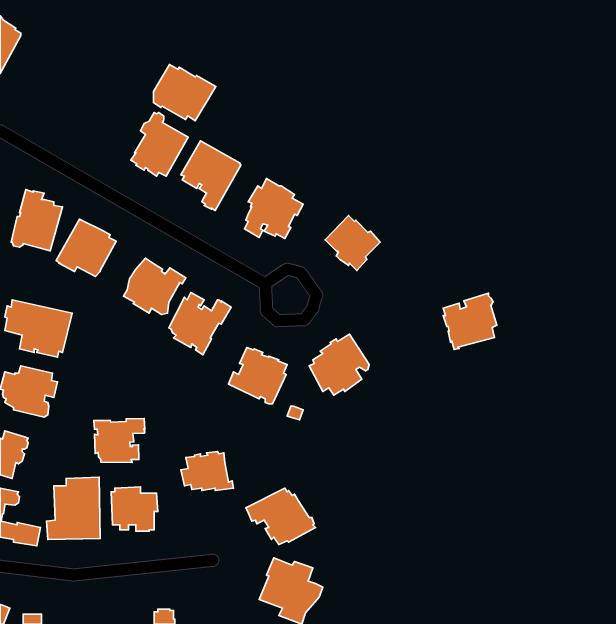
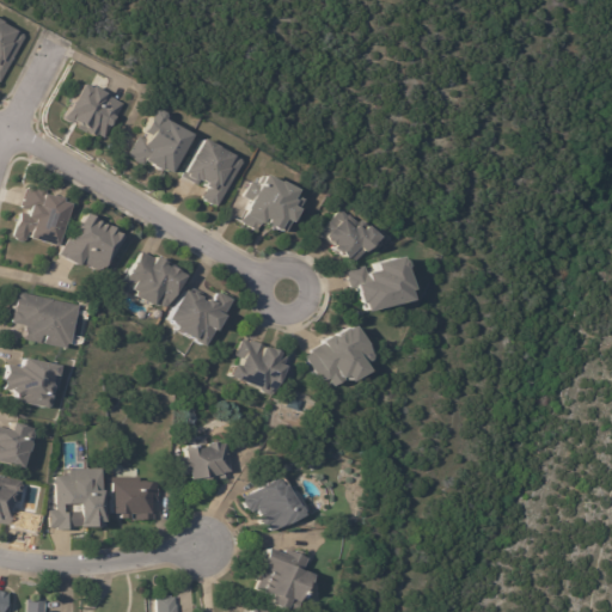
building: [154,65,216,121] -> [63,81,124,136]
building: [443,293,497,350] -> [359,255,411,310]
building: [94,418,145,463] -> none

